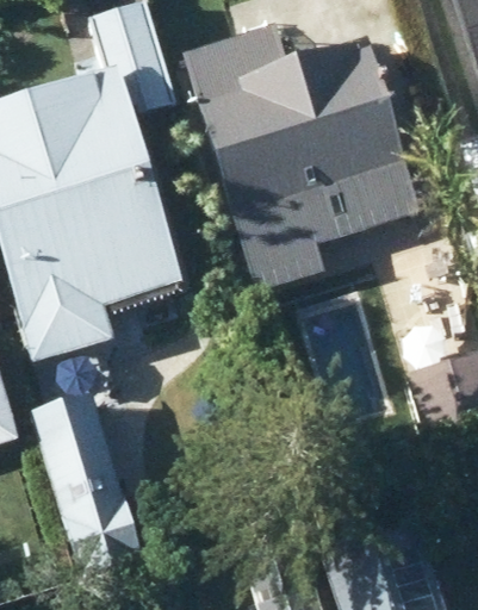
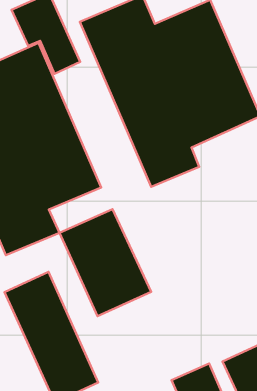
building: none -> [60,209,151,316]

